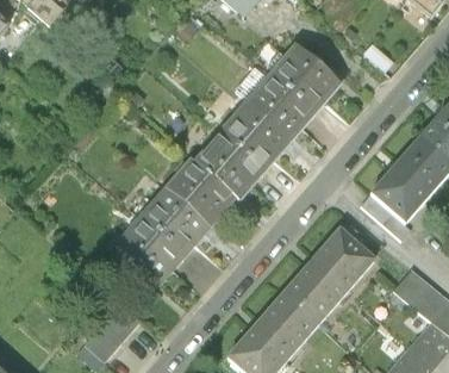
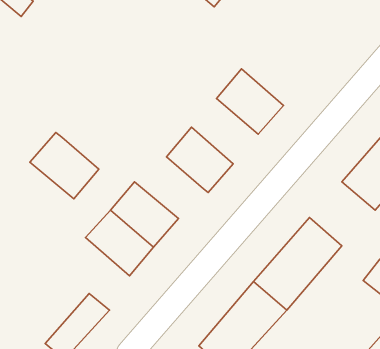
building: [272,50,339,116] -> none
building: [222,108,288,174] -> none
building: [164,162,233,229] -> [30,132,99,199]

